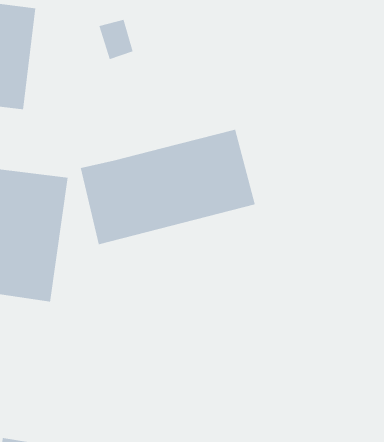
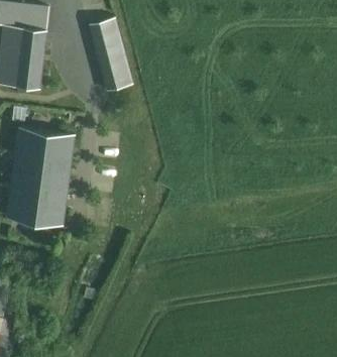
building: none -> [97,45,134,88]
building: [80,129,256,245] -> none

